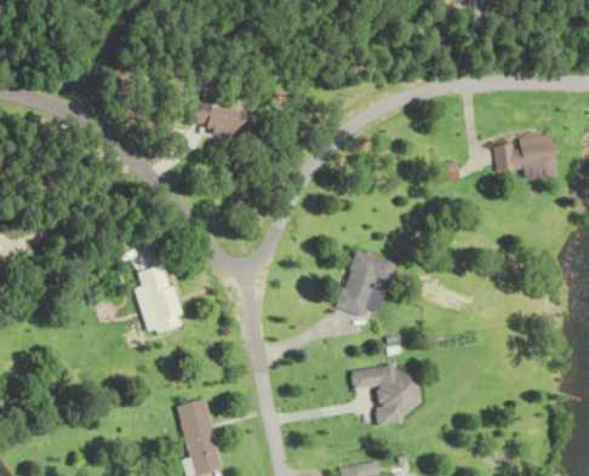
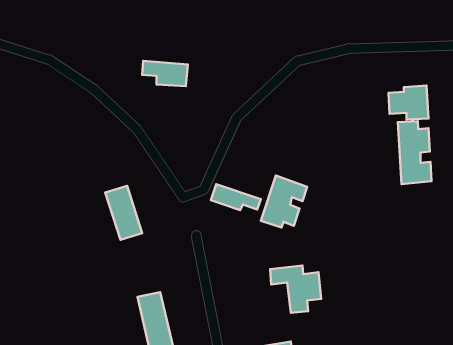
building: none -> [398,121,432,184]
building: none -> [211,184,261,210]

